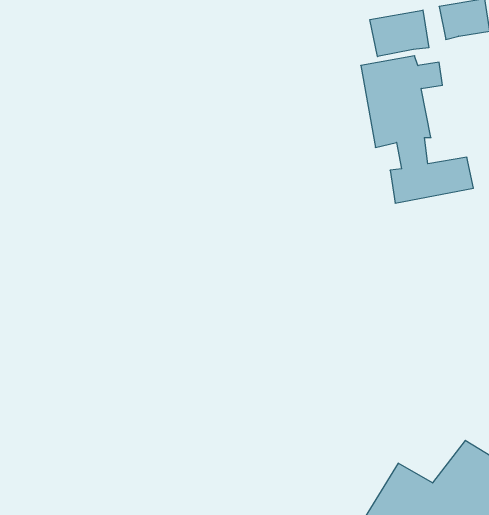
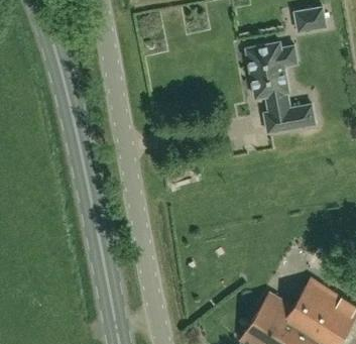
building: [370,10,429,57] -> none

